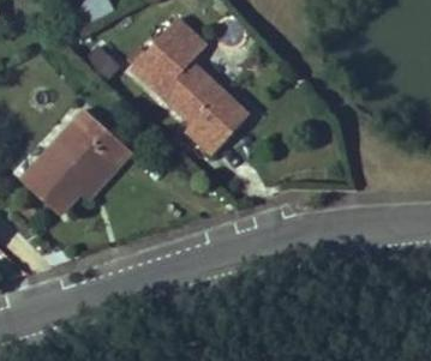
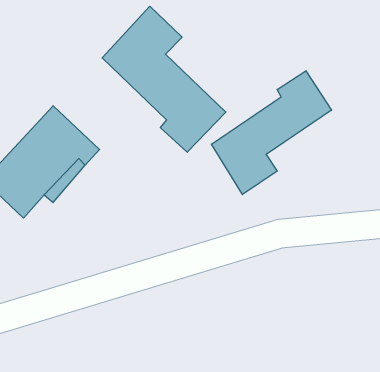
building: none -> [211,71,332,195]

